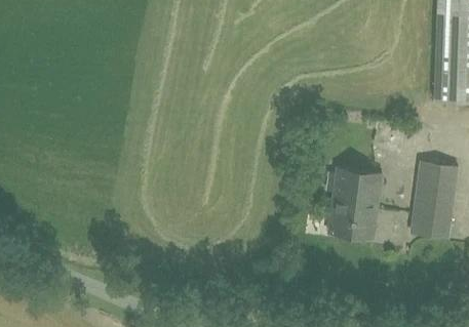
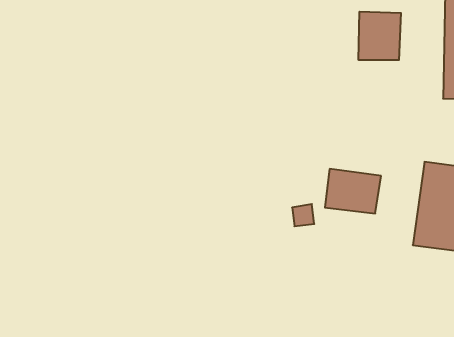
building: none -> [359,12,401,60]
building: [327,200,376,237] -> none

